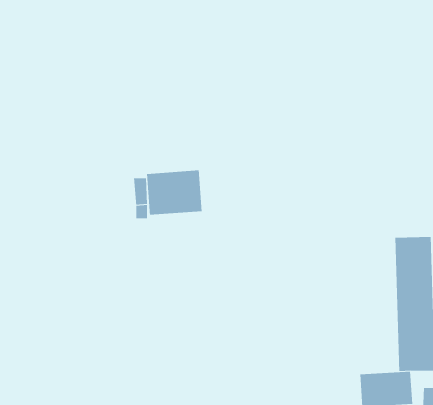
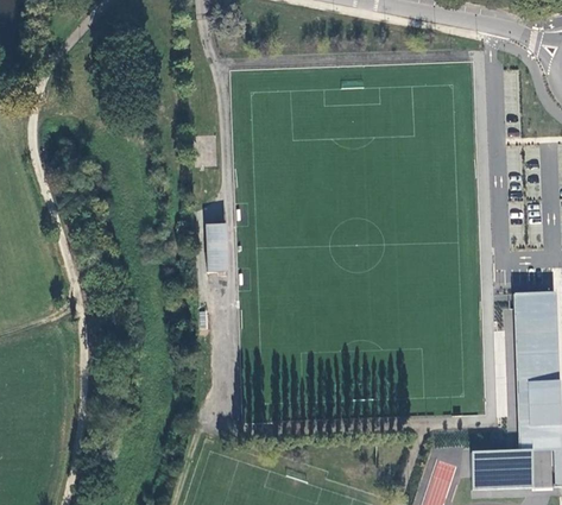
building: [146,170,202,216] -> none

